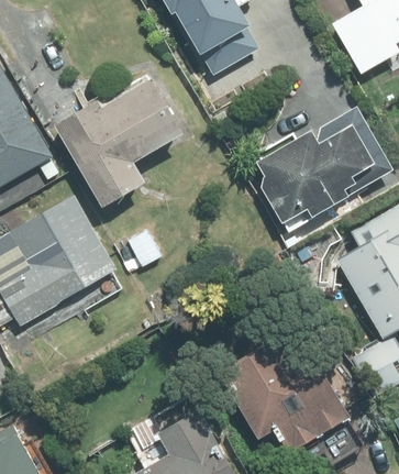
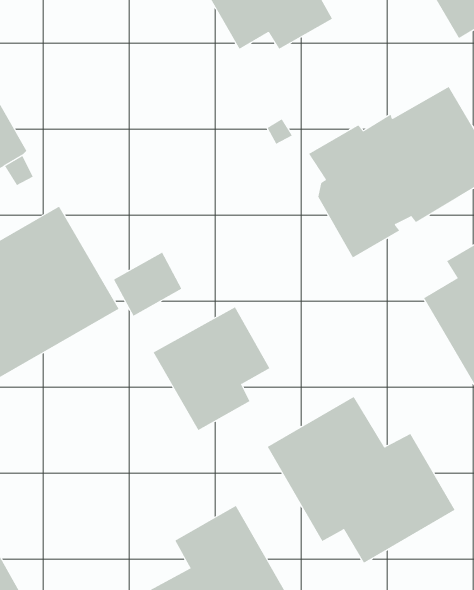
building: [55,76,186,206] -> none
building: none -> [153,307,270,431]

